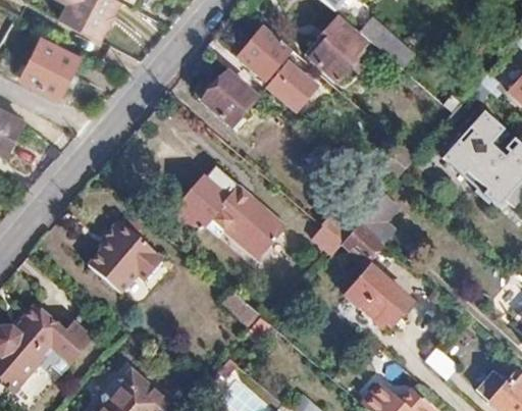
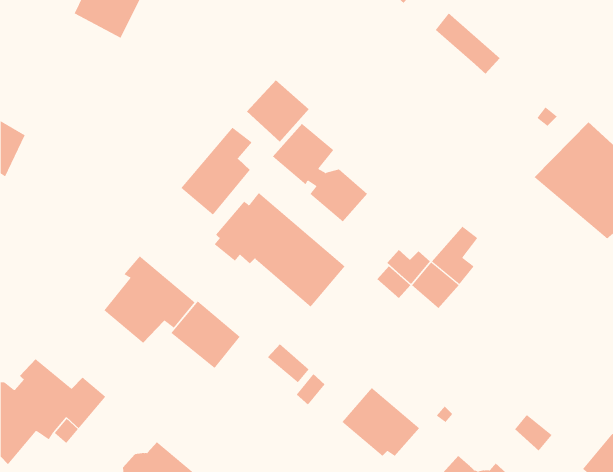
building: [306,15,363,83] -> none
building: [239,29,317,110] -> [272,123,368,222]
building: [22,39,80,97] -> none
building: none -> [180,127,252,216]
building: none -> [171,301,240,369]
building: [345,267,409,324] -> [342,387,420,457]

